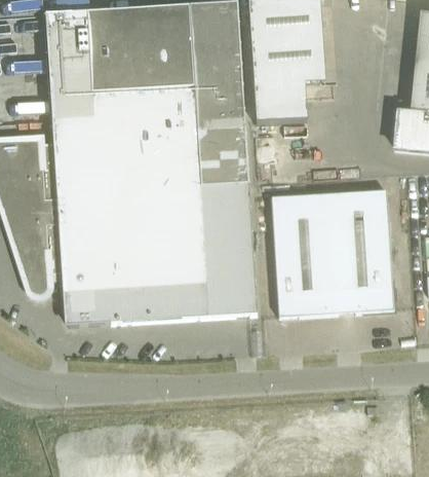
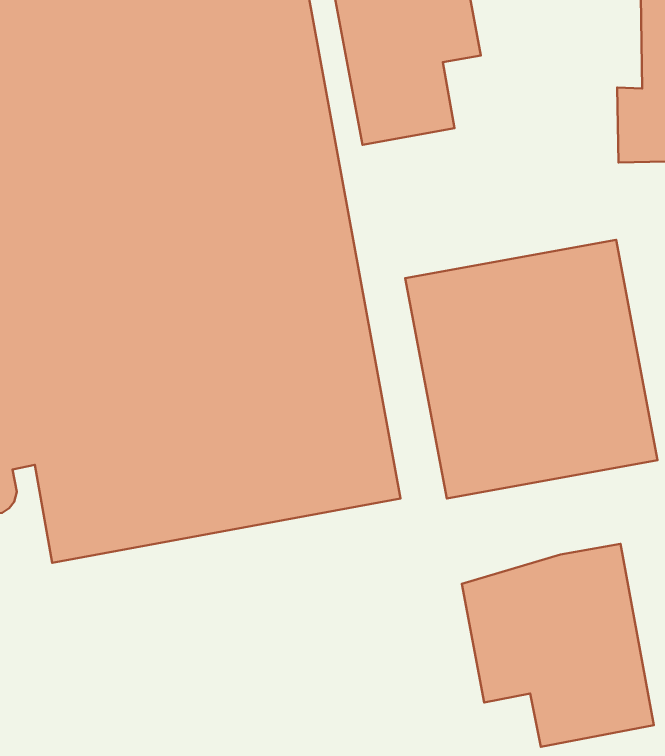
building: none -> [462,544,654,747]

